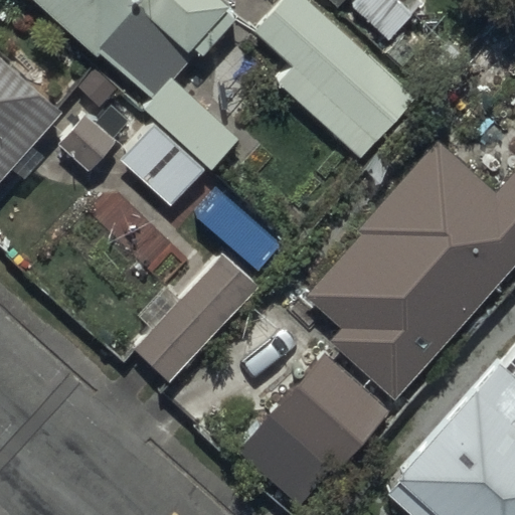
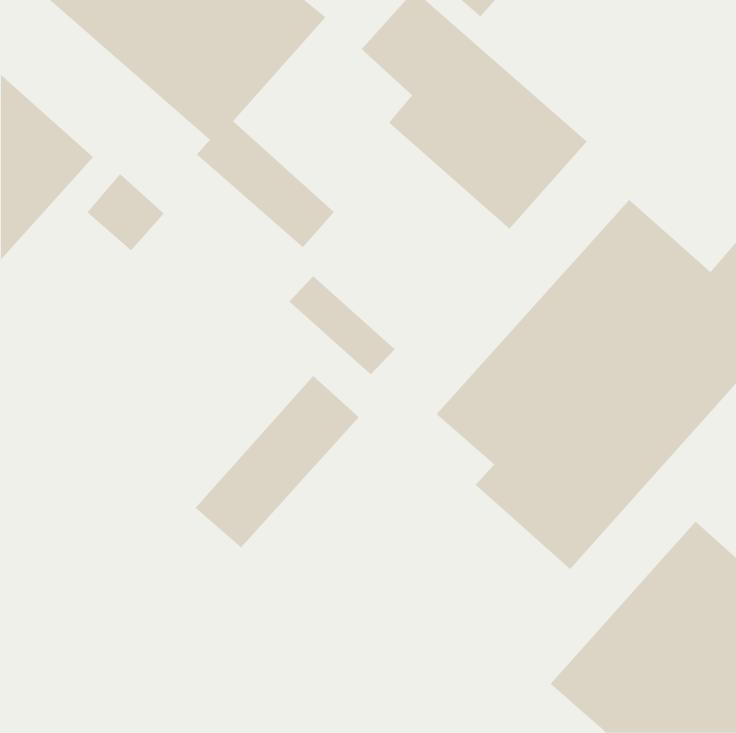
building: [241,349,392,503] -> none

